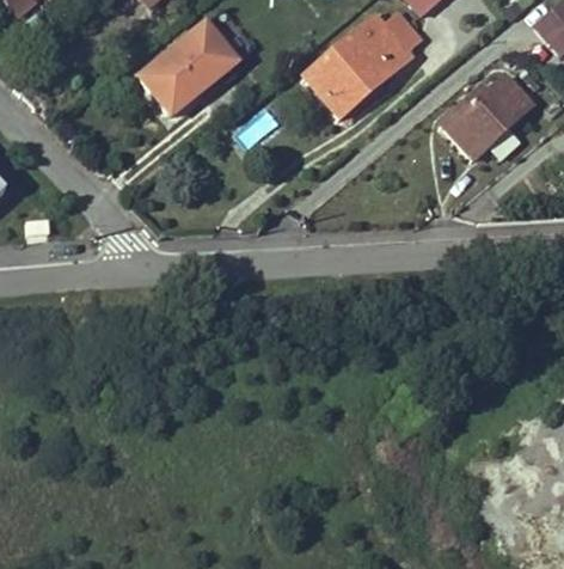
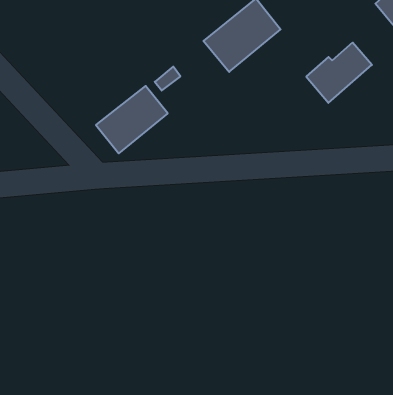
building: [140,24,237,115] -> [96,86,168,153]

